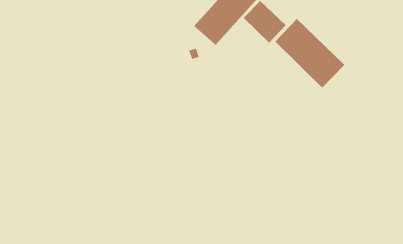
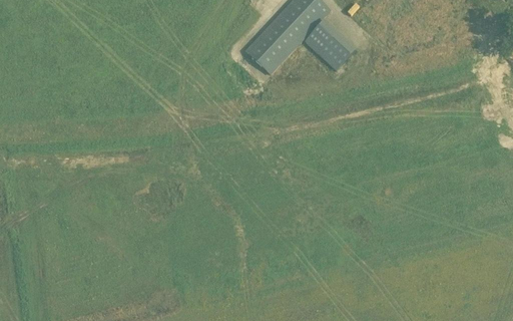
building: [275,18,345,88] -> none

